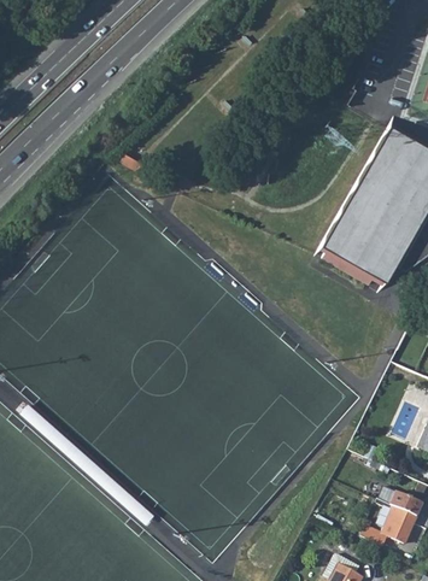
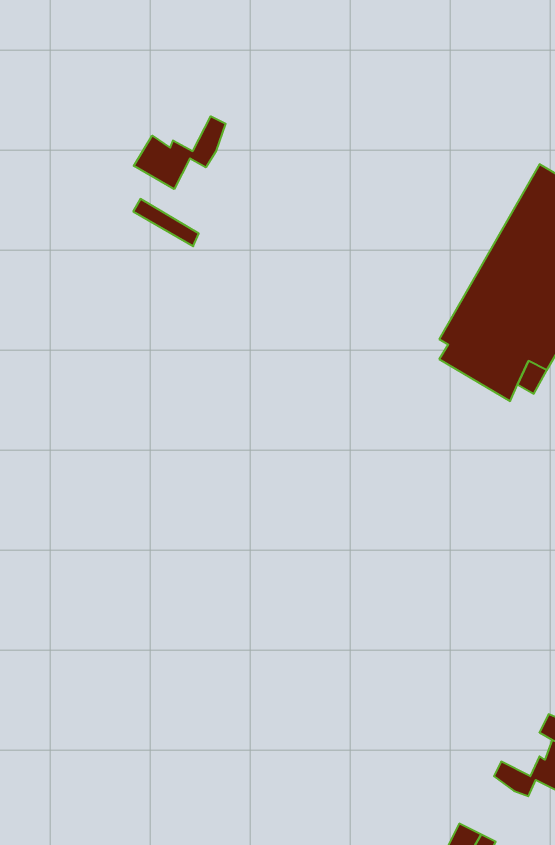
building: none -> [134,116,226,189]

